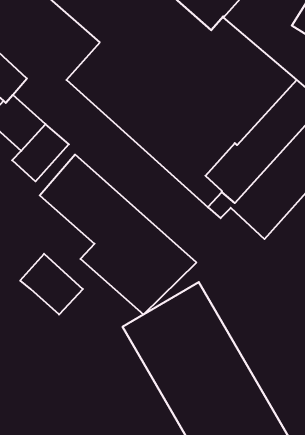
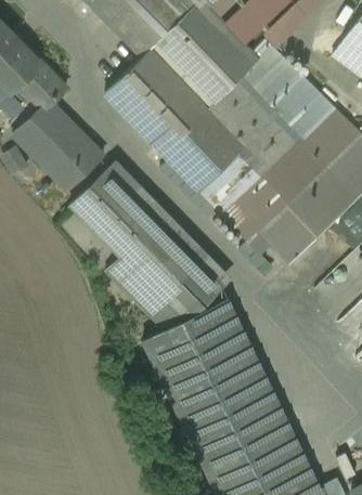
building: [20,254,83,315] -> none

